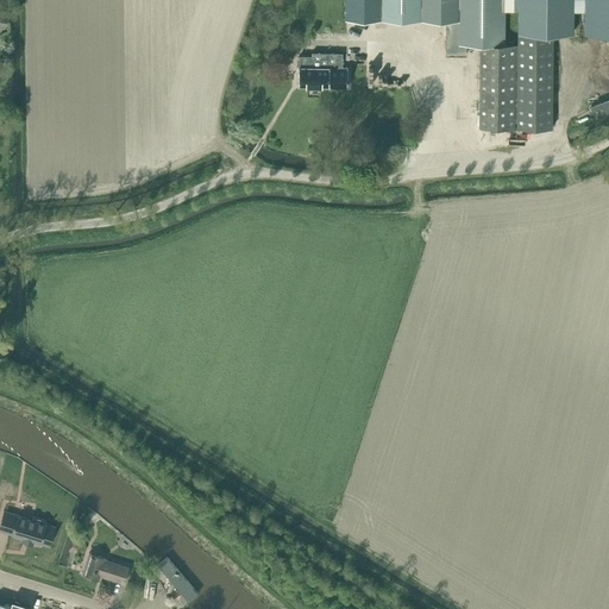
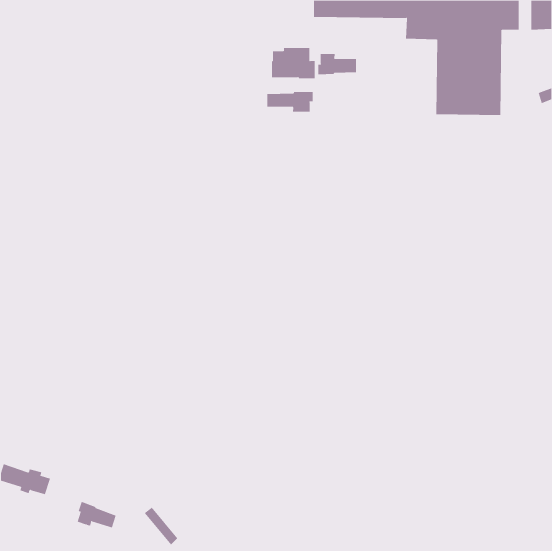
building: none -> [318,53,357,75]
building: none -> [267,91,313,112]

